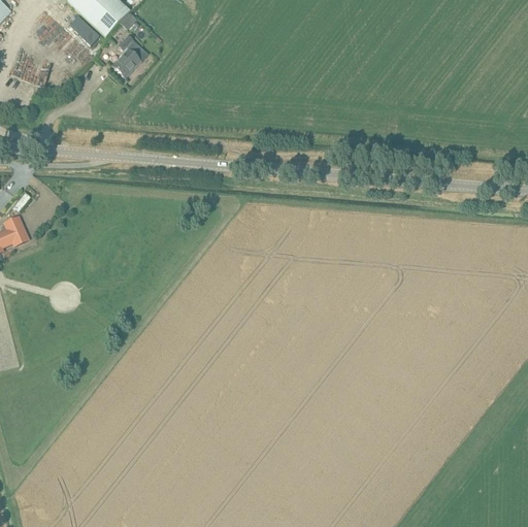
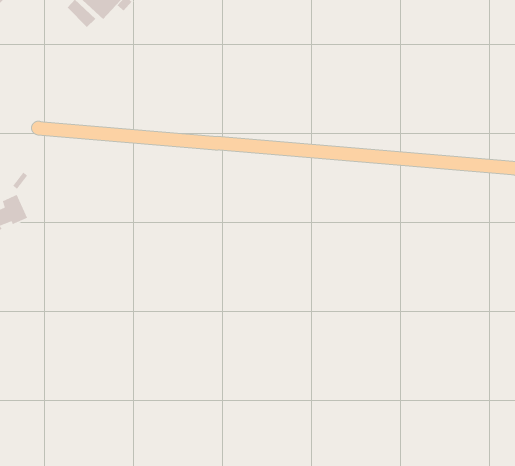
building: [111,33,140,75] -> none

